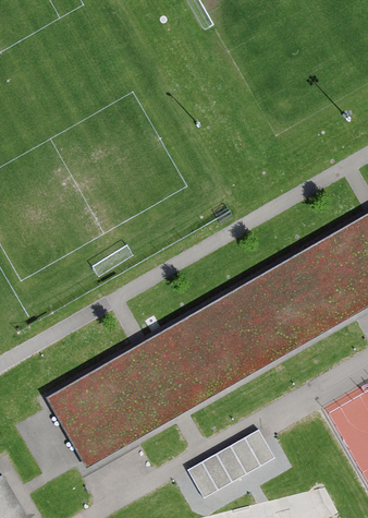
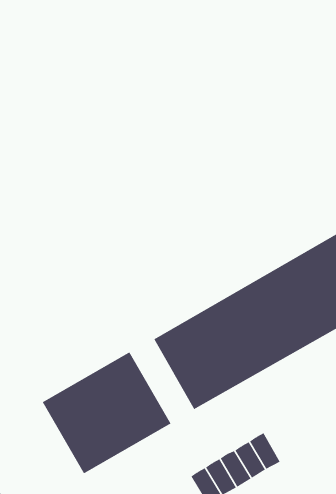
building: [131,337,193,419] -> none

